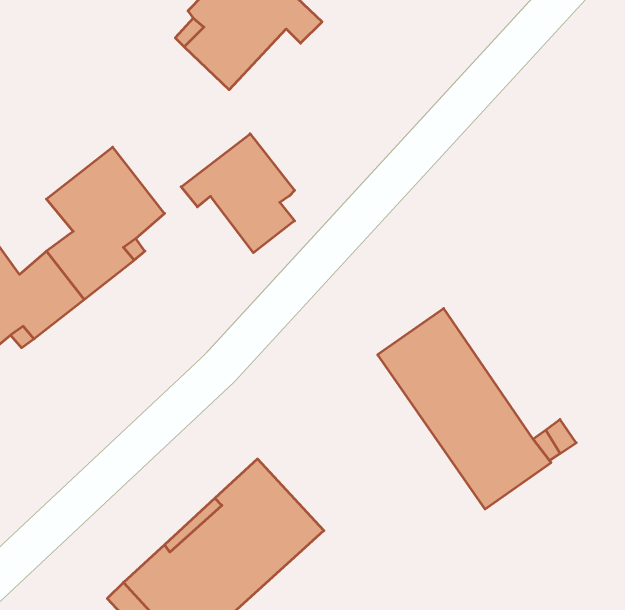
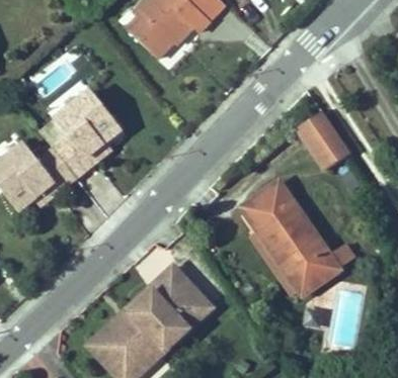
building: [181,134,295,253] -> none
building: none -> [298,110,351,169]

